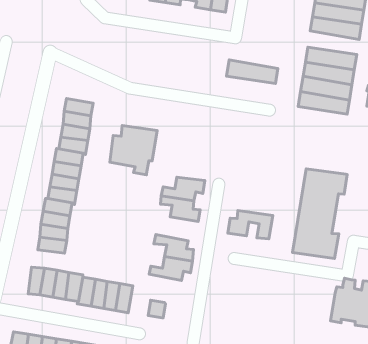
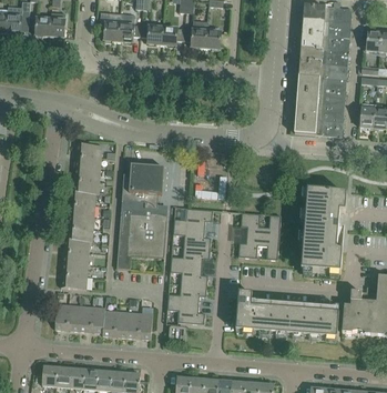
building: [227,60,278,84] -> [299,60,347,79]
building: none -> [116,199,167,269]
building: none -> [241,212,281,236]
building: none -> [171,245,210,266]
building: none -> [236,291,339,337]
building: none -> [167,301,205,323]

